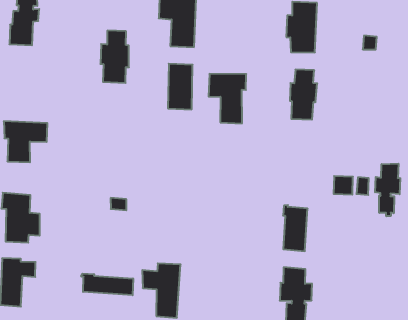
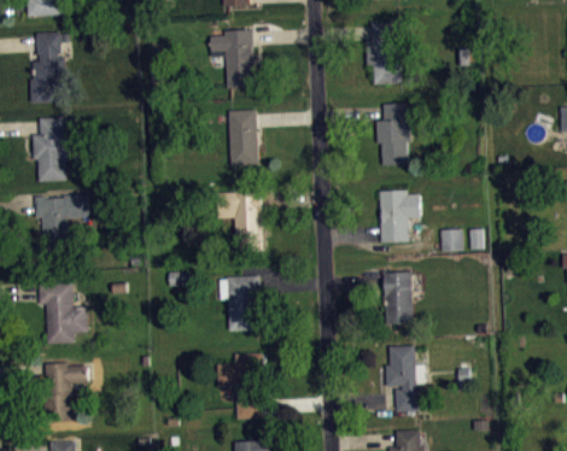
building: [100,31,129,83] -> [33,116,69,180]
building: [209,74,246,123] -> [217,188,263,250]
building: none -> [378,188,419,241]
building: [375,164,400,216] -> none
building: none -> [220,275,259,329]
building: [81,274,133,295] -> none

